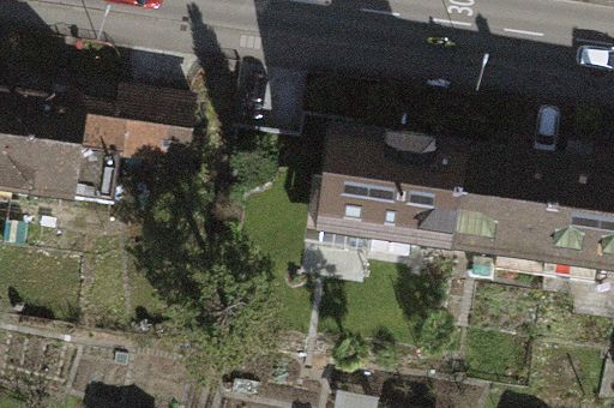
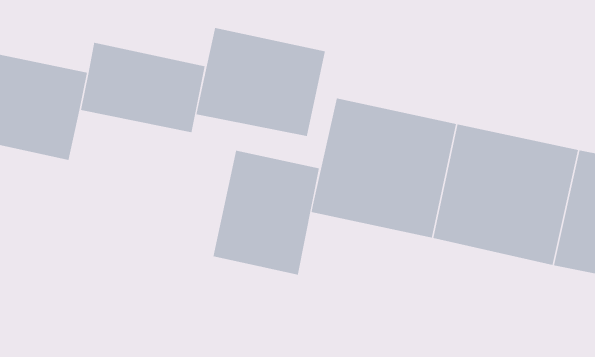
building: none -> [196,27,325,137]
building: none -> [213,150,319,275]

